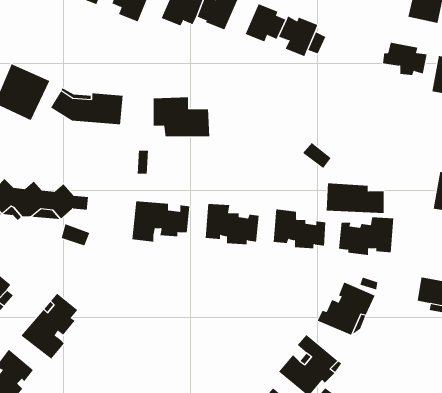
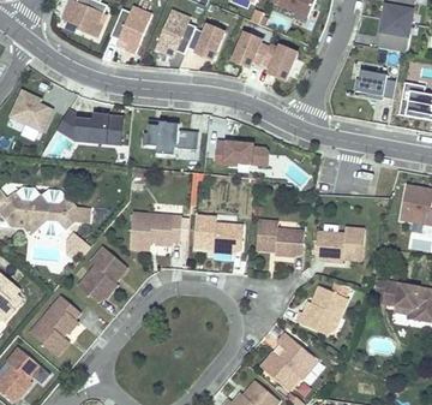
building: [326,183,384,214] -> [216,138,269,166]
building: none -> [78,246,127,303]

